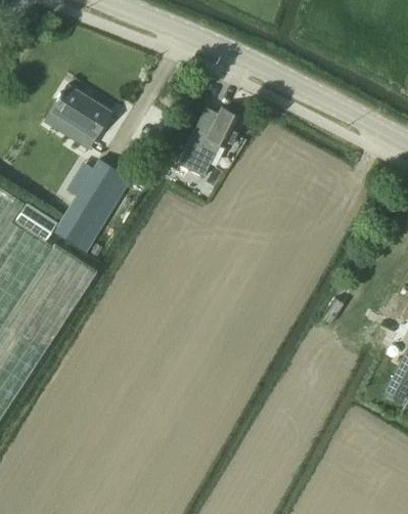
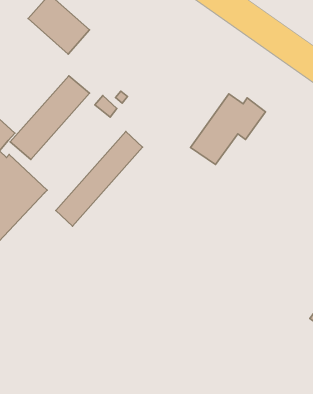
building: [176,110,241,179] -> [191,94,265,164]
building: none -> [56,132,142,226]

